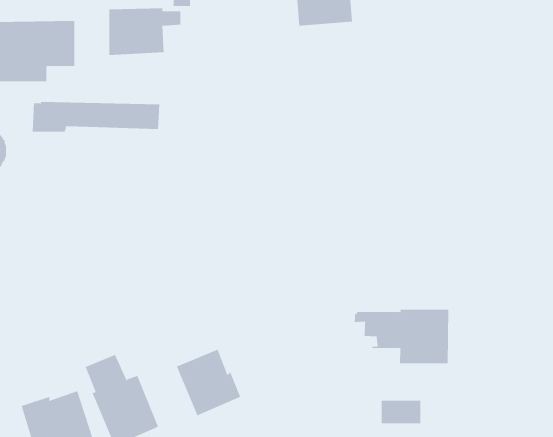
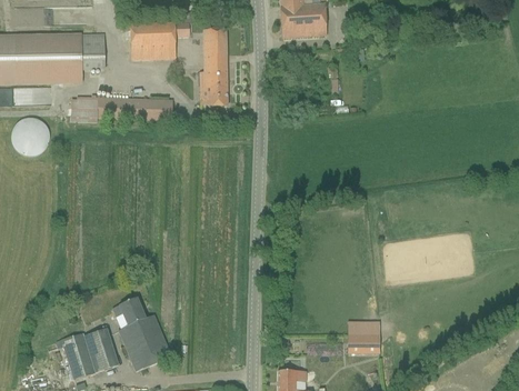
building: none -> [200,29,228,106]
building: [354,309,449,364] -> none
building: [176,349,241,416] -> none

